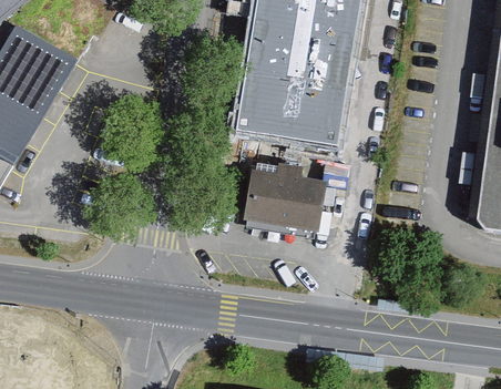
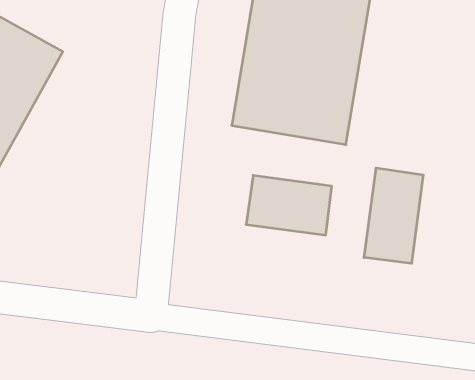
building: none -> [364,168,423,263]

